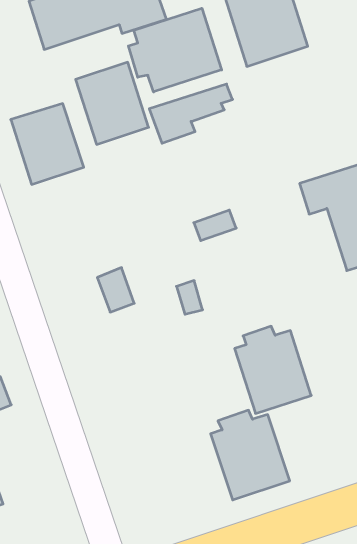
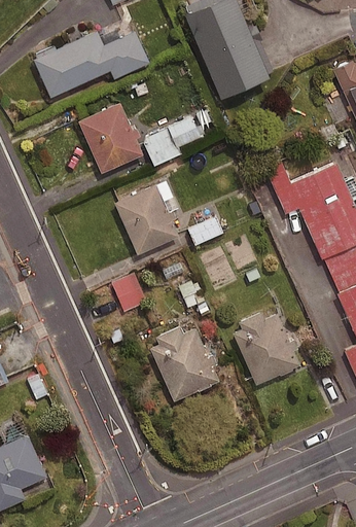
building: [128,8,222,92] -> none
building: [11,104,84,184] -> [114,184,179,254]
building: [211,410,290,500] -> [149,325,219,401]

